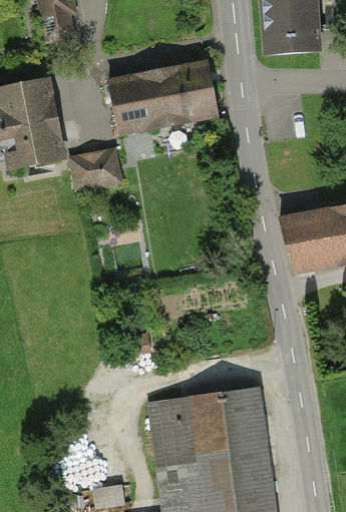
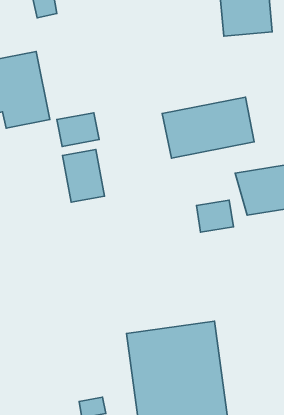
building: [109,61,217,132] -> [162,97,254,158]
building: none -> [62,150,104,202]
building: none -> [197,200,233,232]

